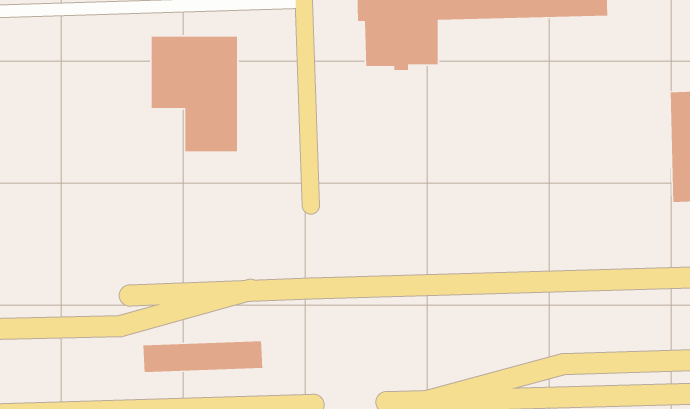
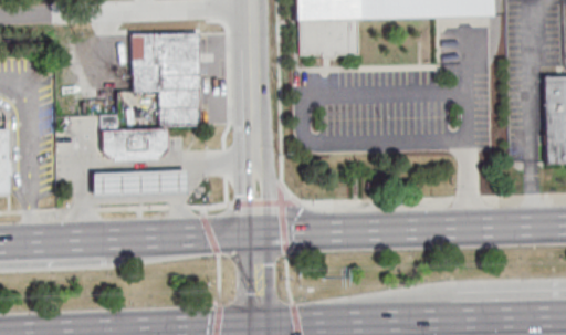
building: none -> [98,115,164,159]
building: [142,341,263,373] -> [91,169,186,195]

